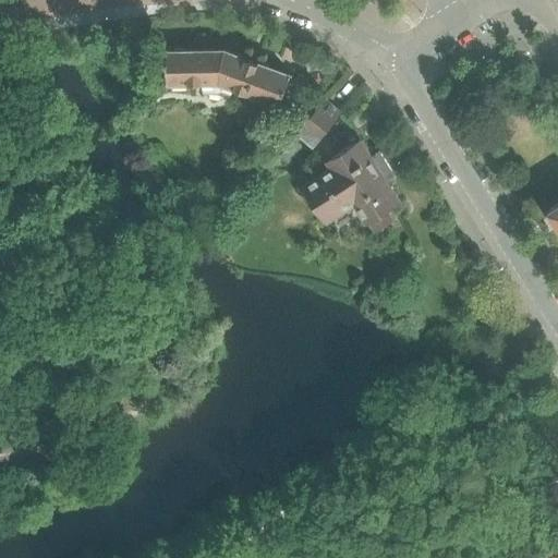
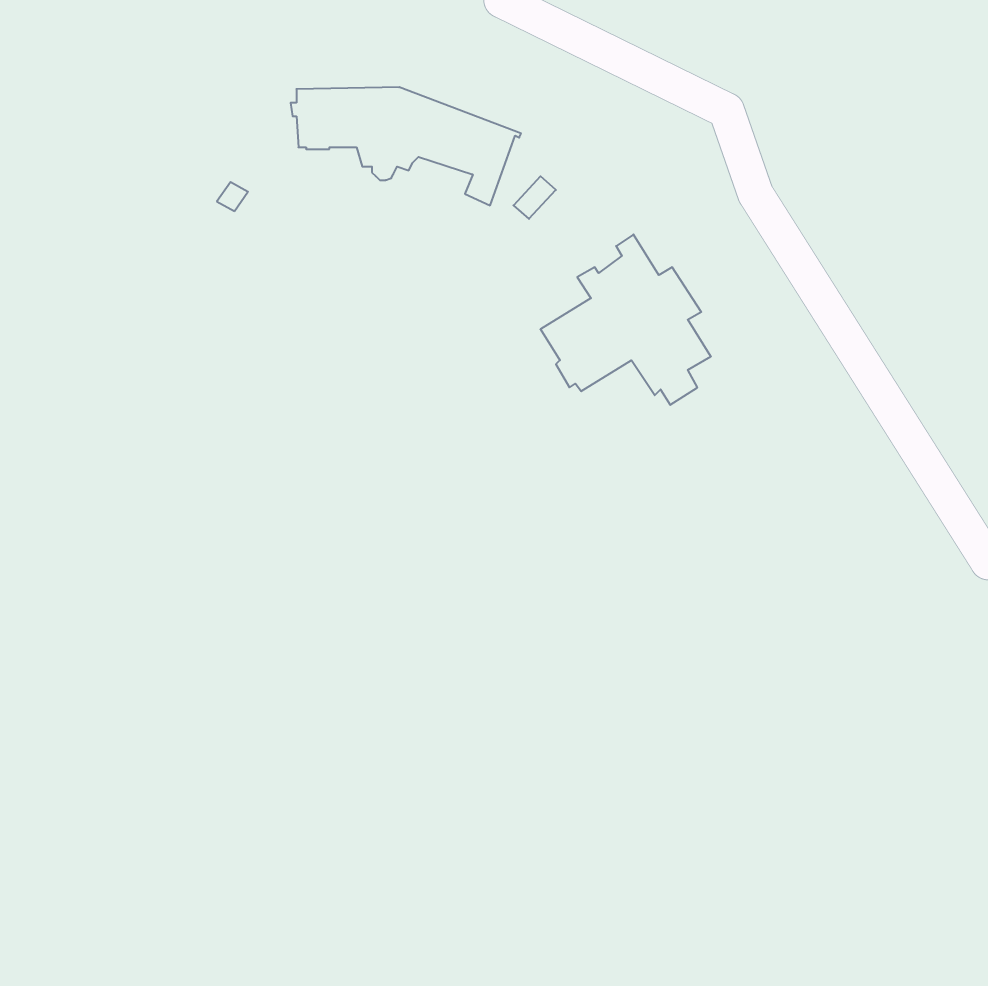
building: [293,101,340,151] -> none

